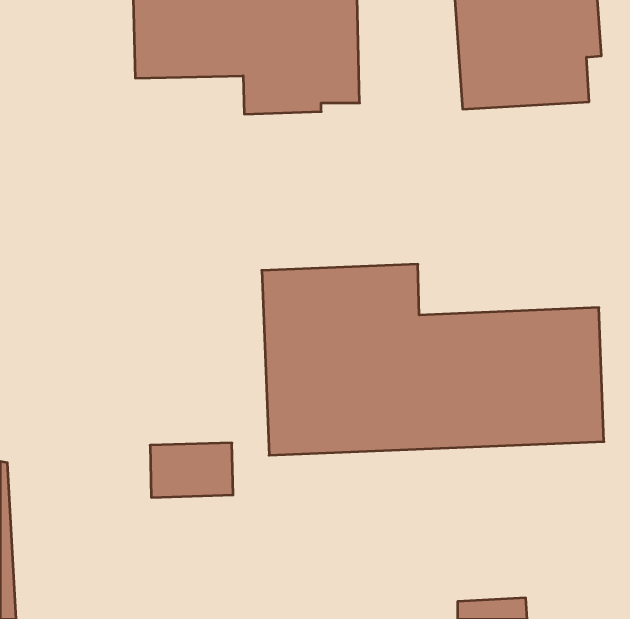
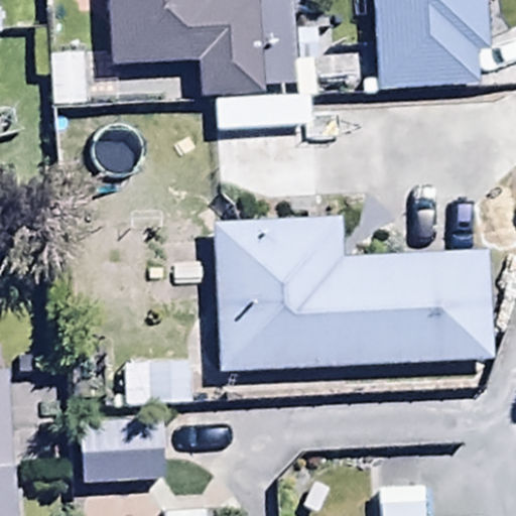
building: none -> [83,414,166,482]

